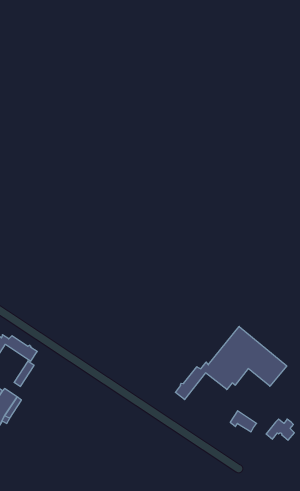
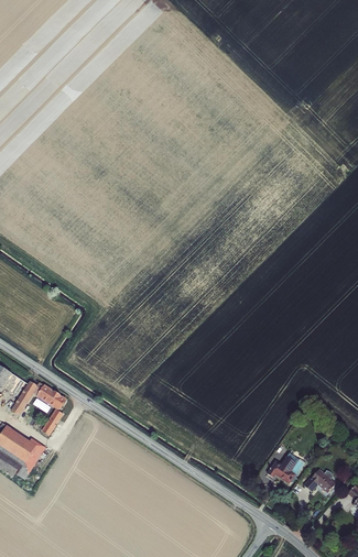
building: [175,326,287,400] -> none

